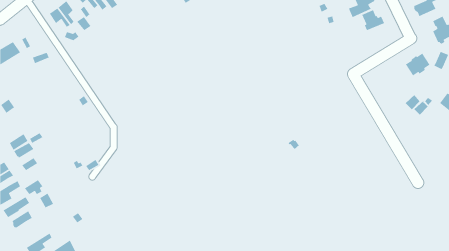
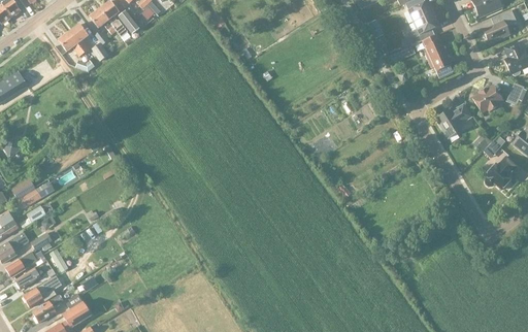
building: none -> [429,51,455,77]
building: none -> [437,104,472,137]
building: none -> [486,156,518,190]
building: none -> [24,275,63,307]

